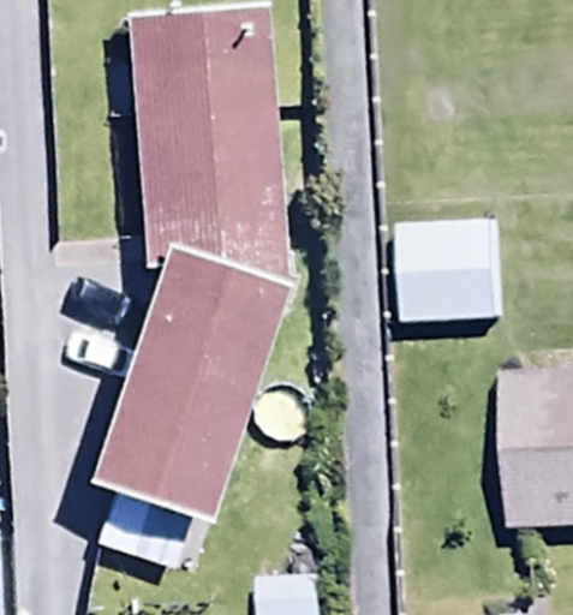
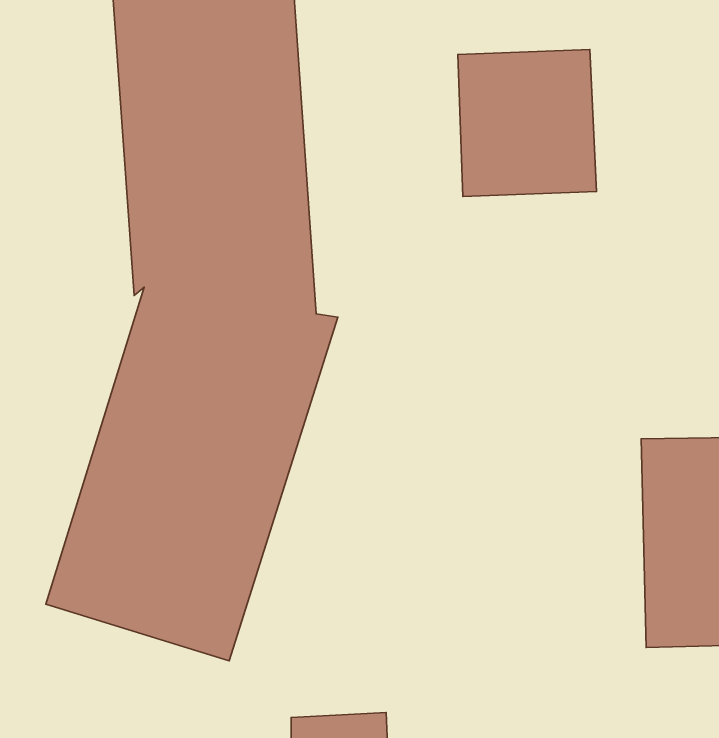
building: [406,215,506,321] -> [458,50,596,196]

